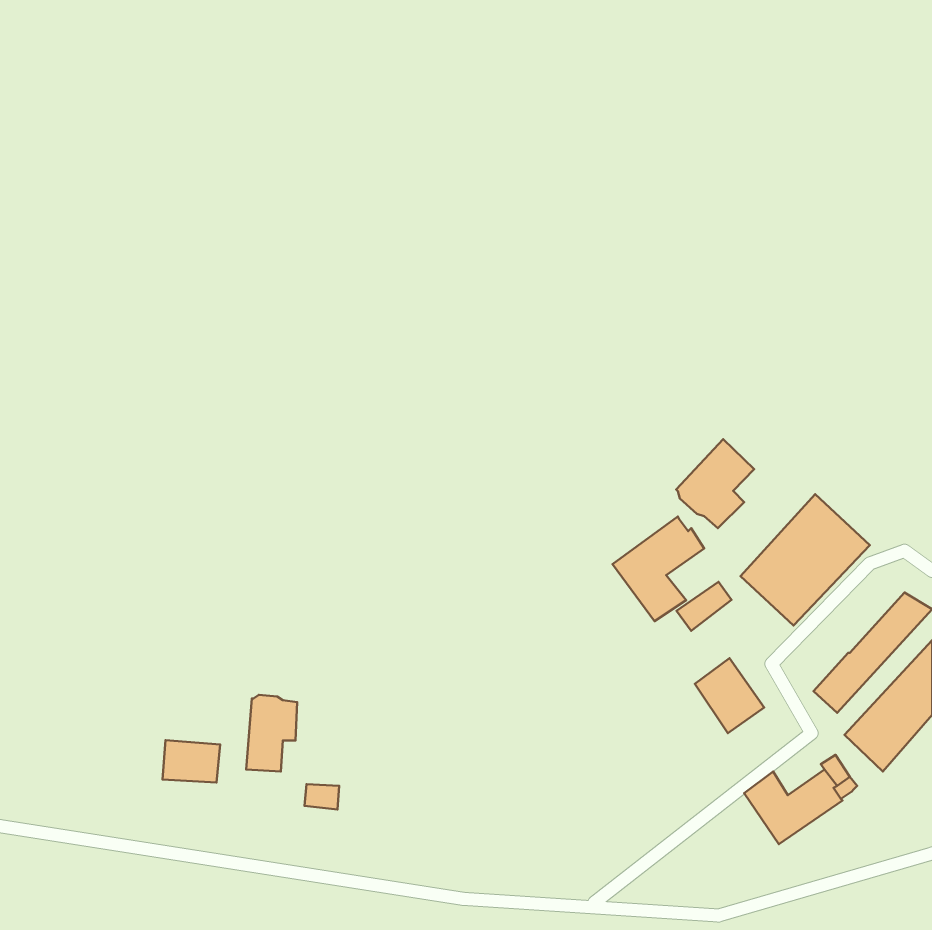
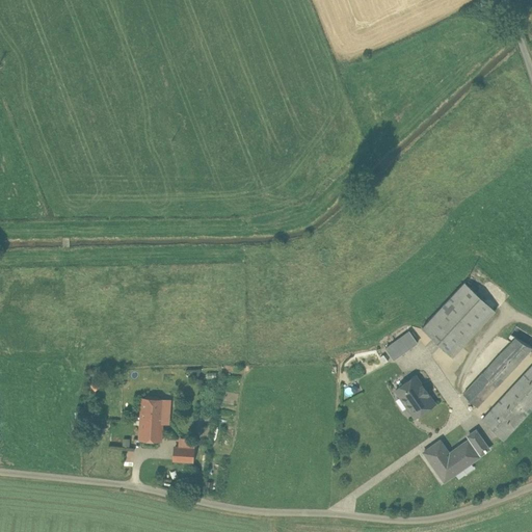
building: [676,439,754,528] -> none
building: [612,517,704,621] -> none
building: [162,740,220,783] -> none

